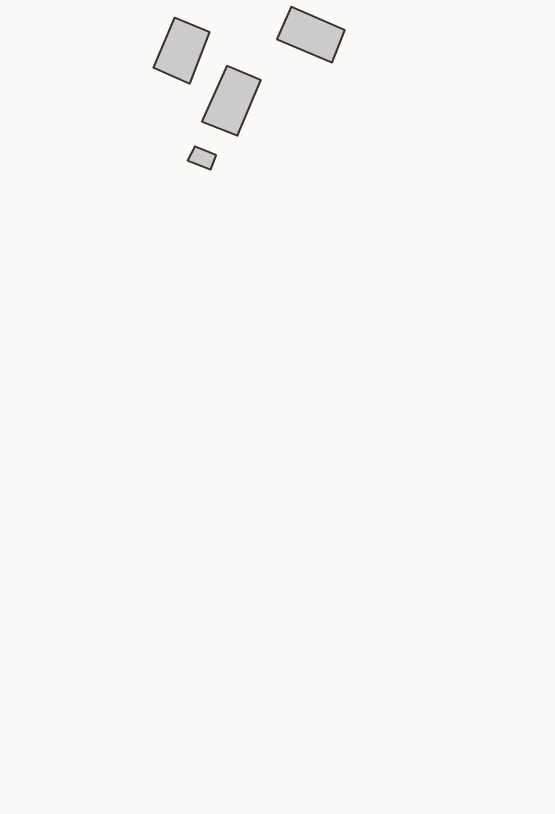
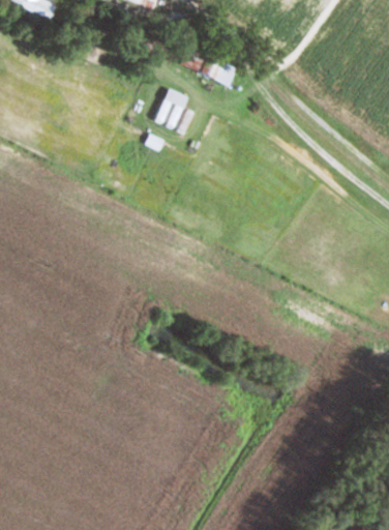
building: [154,18,209,84] -> none

